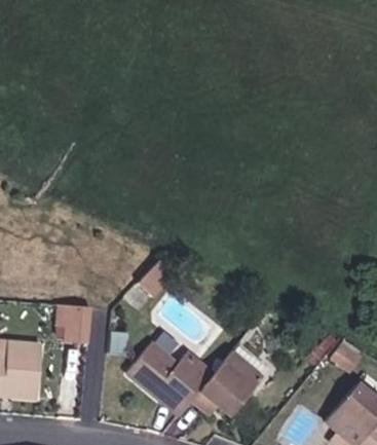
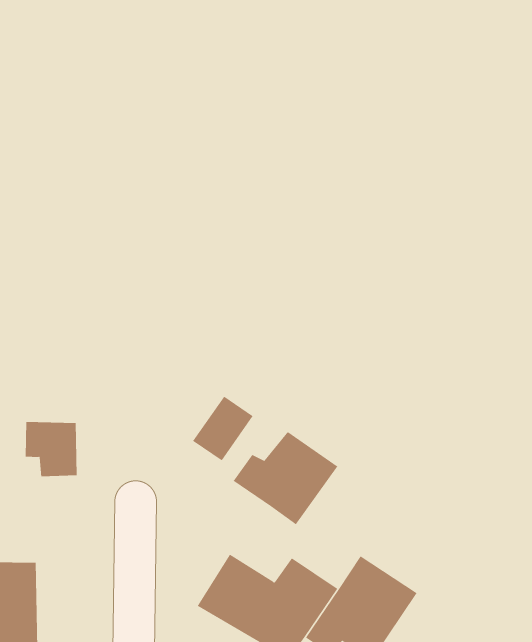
building: none -> [233,431,338,525]
building: [58,305,89,339] -> [25,422,77,477]

